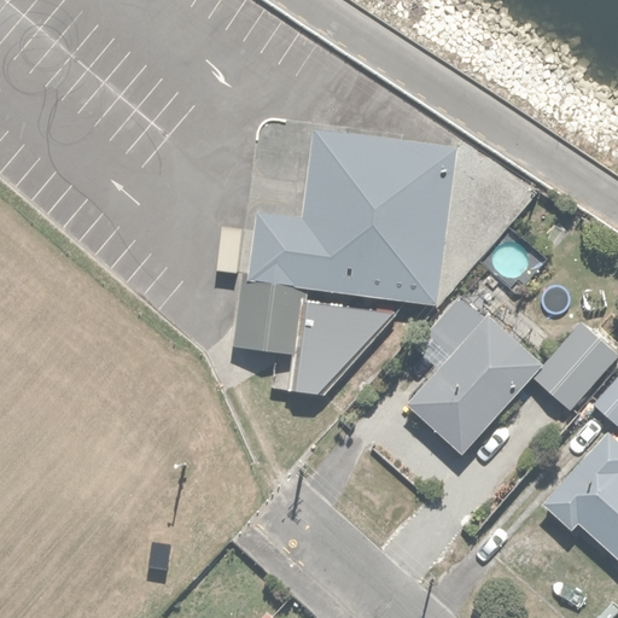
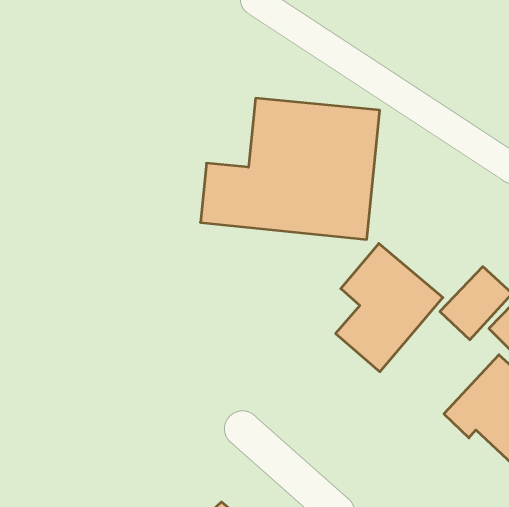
building: [235,282,302,357] -> none
building: [296,307,397,396] -> none

